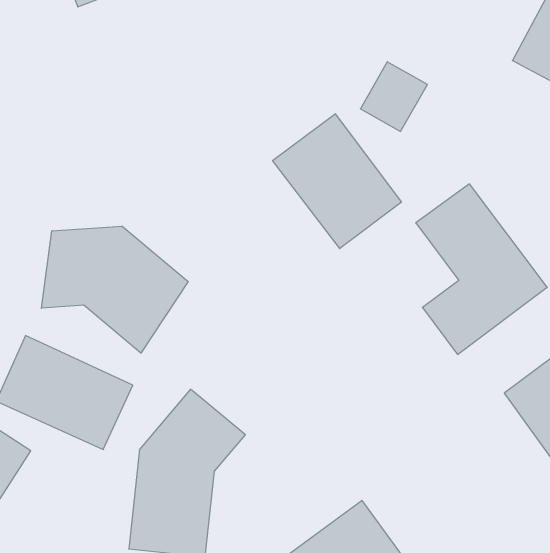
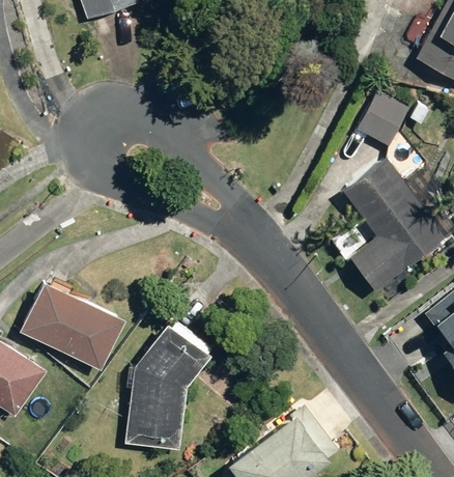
building: [360,62,427,131] -> [354,100,406,153]
building: [273,114,401,249] -> none
building: [41,226,188,353] -> none

